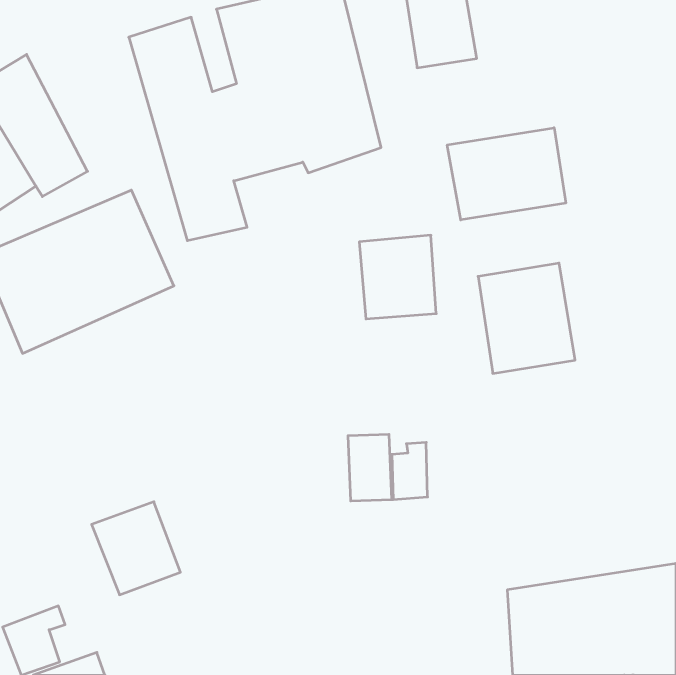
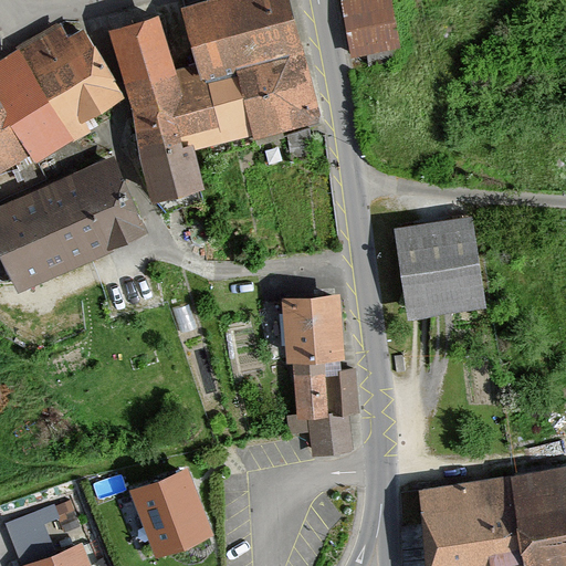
building: none -> [22,25,117,143]
building: [447,128,566,220] -> none
building: [359,235,436,319] -> [280,293,344,363]
building: none -> [305,416,352,457]
building: [92,502,180,595] -> [133,471,207,548]

